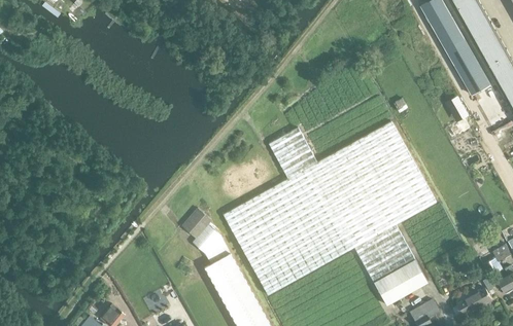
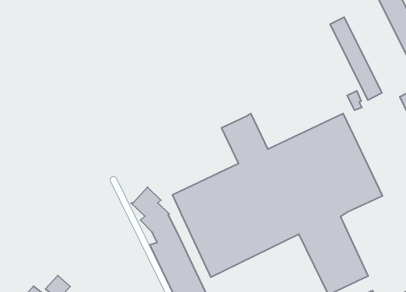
building: none -> [330,17,382,100]

